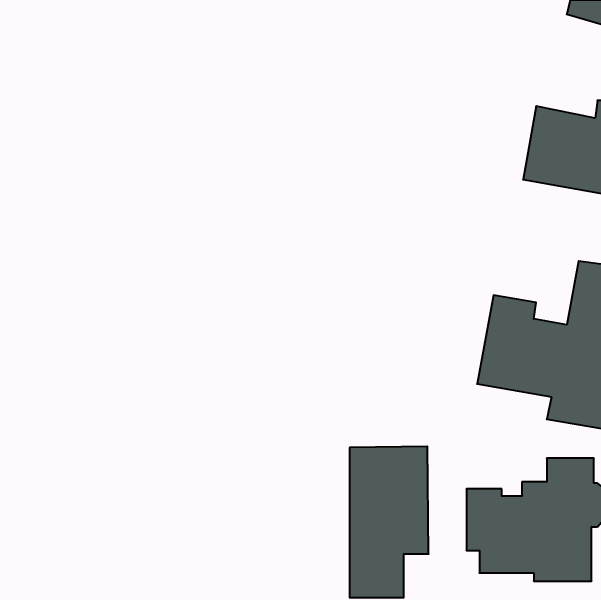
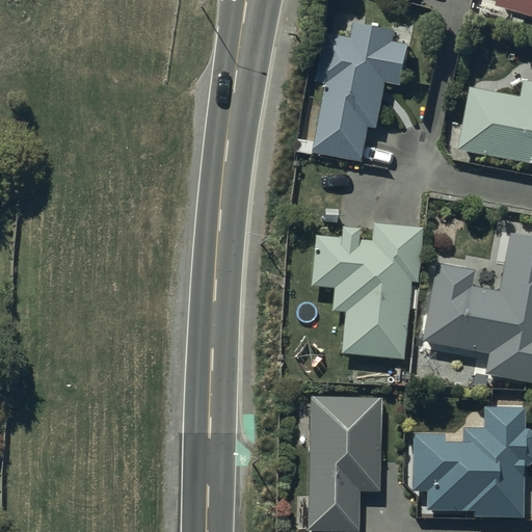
building: none -> [318,33,413,169]
building: none -> [310,222,422,387]

